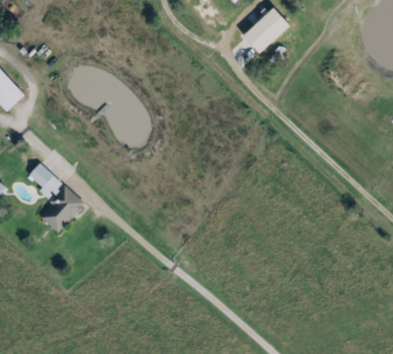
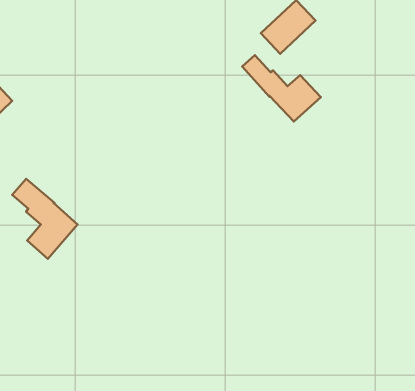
building: none -> [242,55,321,122]

